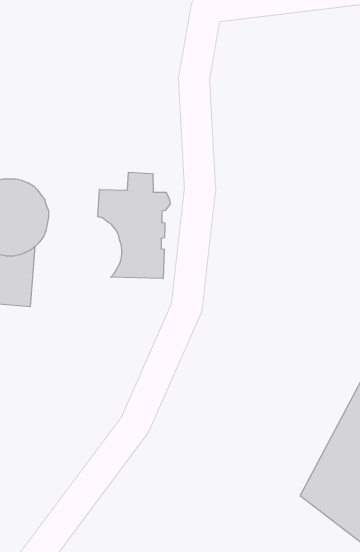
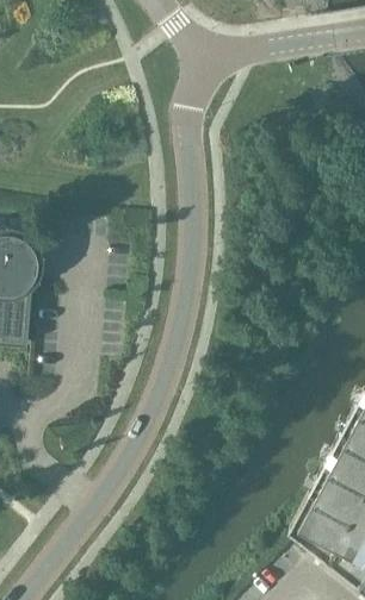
building: [98,172,170,279] -> none

